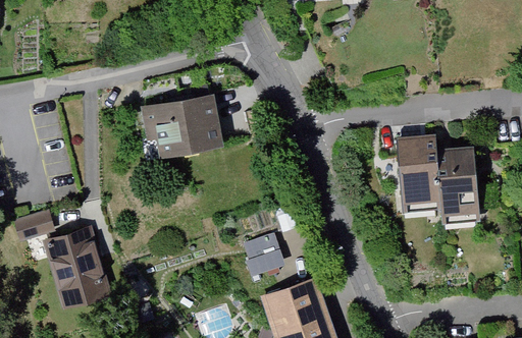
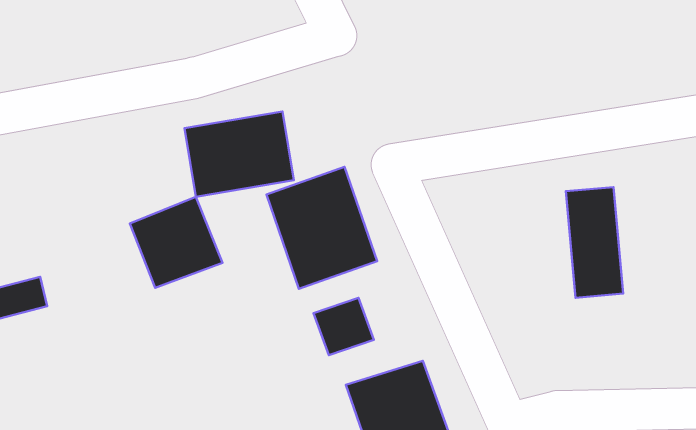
building: [385,131,429,211] -> none
building: none -> [266,167,377,289]
building: [47,224,114,290] -> [130,197,222,288]

